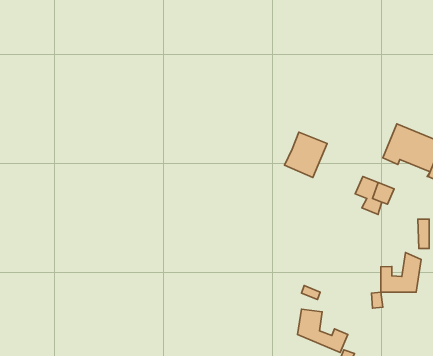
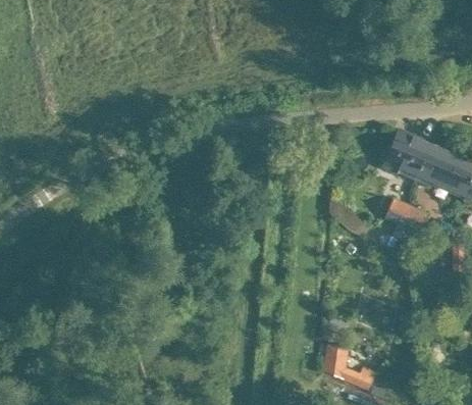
building: [285,132,327,178] -> [384,131,430,180]
building: [381,252,421,292] -> none

